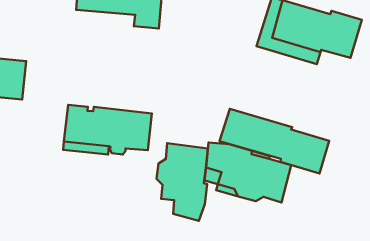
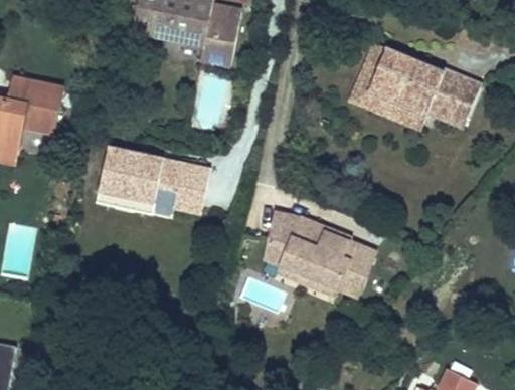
building: [219,109,329,174] -> none
building: [156,143,208,221] -> none

